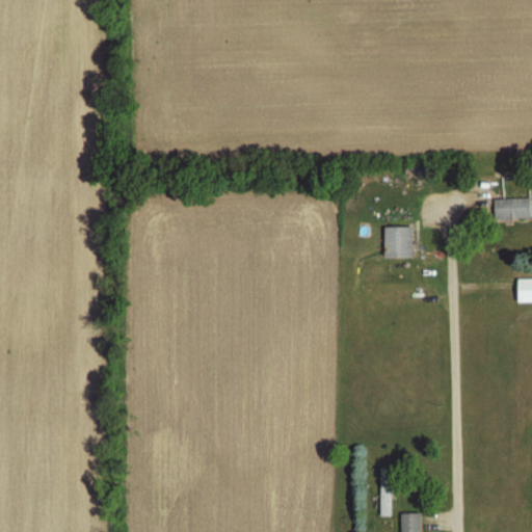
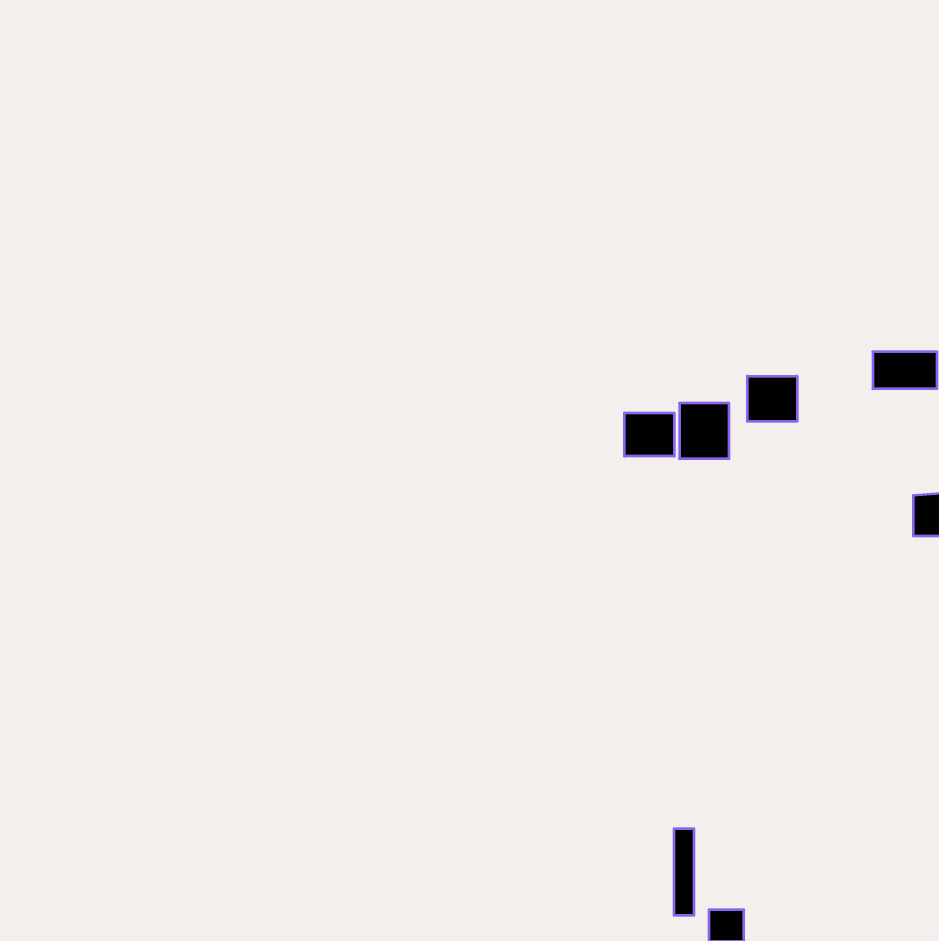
building: none -> [747,376,797,421]
building: none -> [624,413,674,456]

